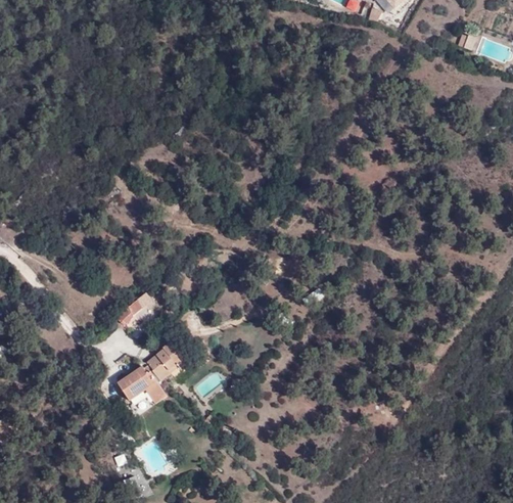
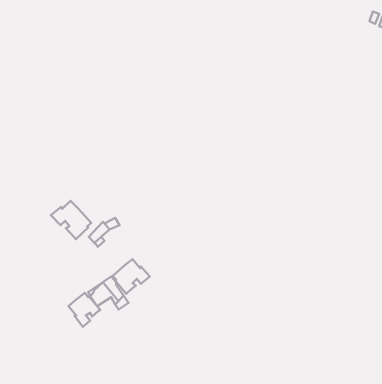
building: none -> [51,201,91,239]
building: none -> [68,293,100,327]

